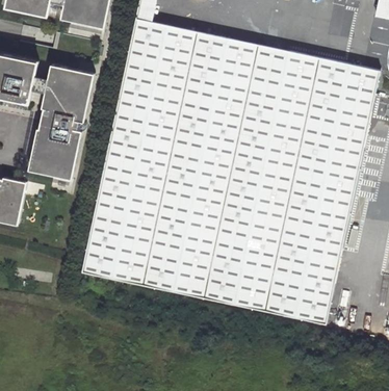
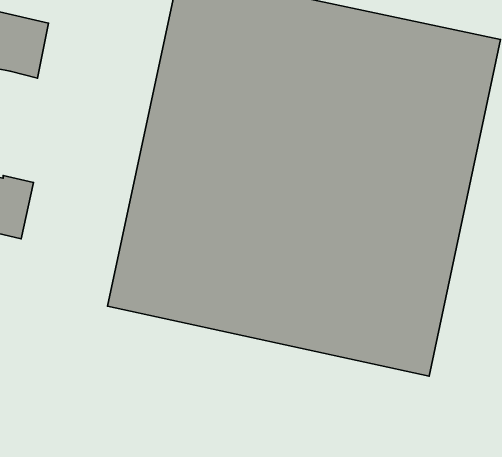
building: [29,62,95,177] -> none

